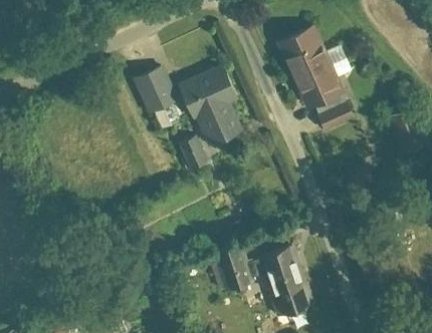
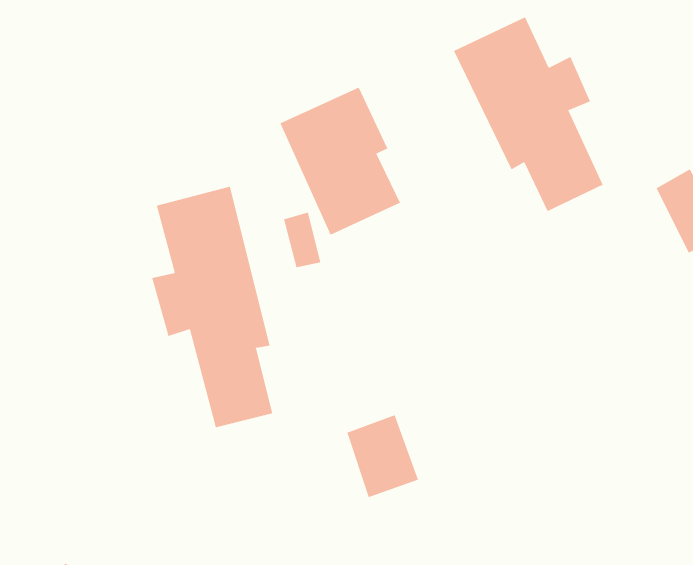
building: [133,66,180,115] -> none
building: none -> [152,186,273,428]
building: [258,244,316,318] -> none

